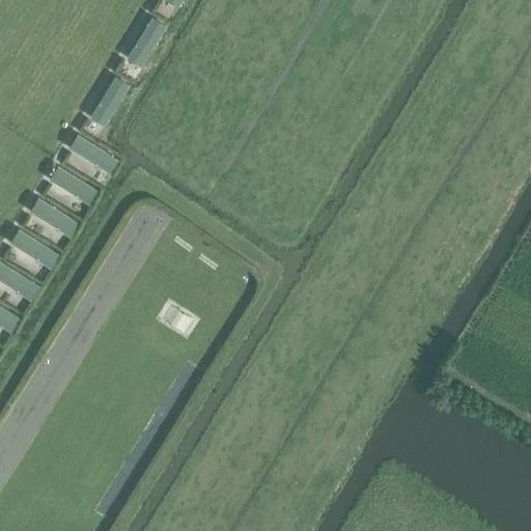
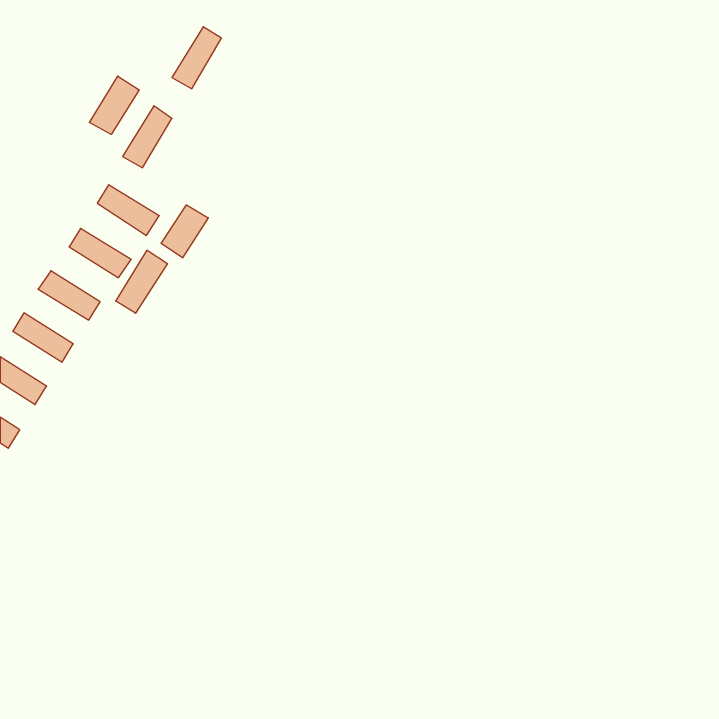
building: none -> [89,76,139,134]
building: none -> [161,205,208,258]
building: none -> [116,250,167,313]

